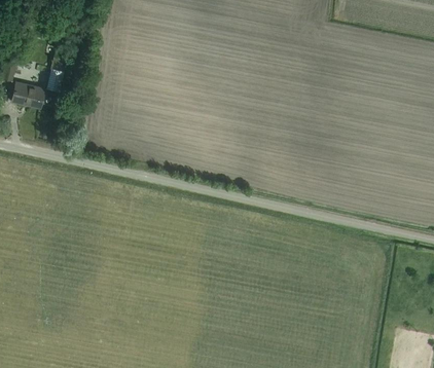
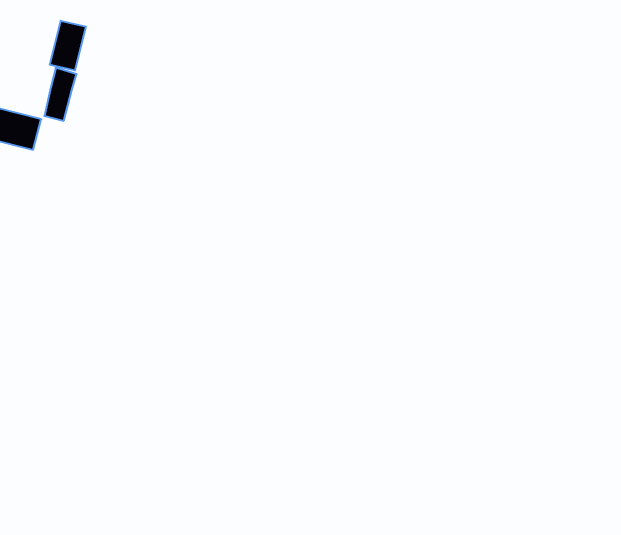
building: none -> [50,21,86,71]

